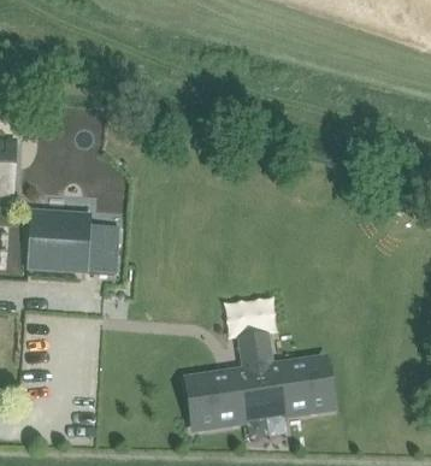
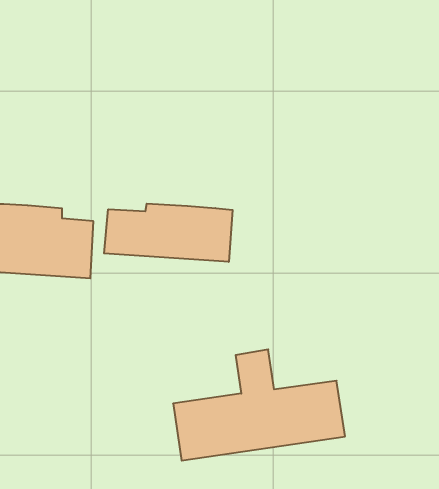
building: none -> [104,204,233,262]

